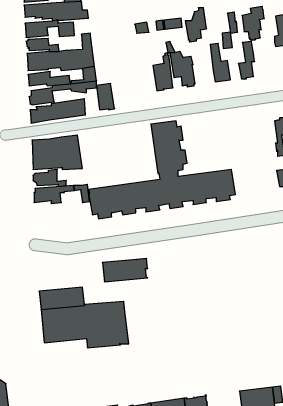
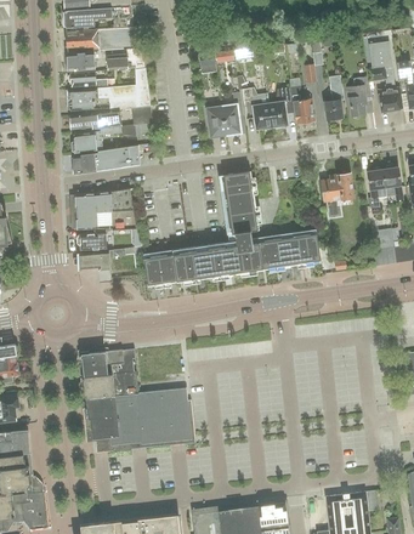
building: [242,6,264,40] -> [344,76,370,117]
building: [185,8,206,42] -> [268,87,294,129]
building: [97,84,115,110] -> [204,104,226,136]
building: none -> [322,172,356,216]
building: [102,259,148,282] -> [81,348,136,376]

